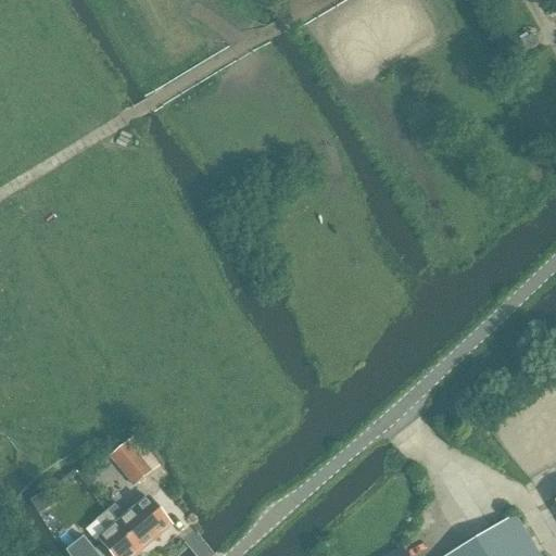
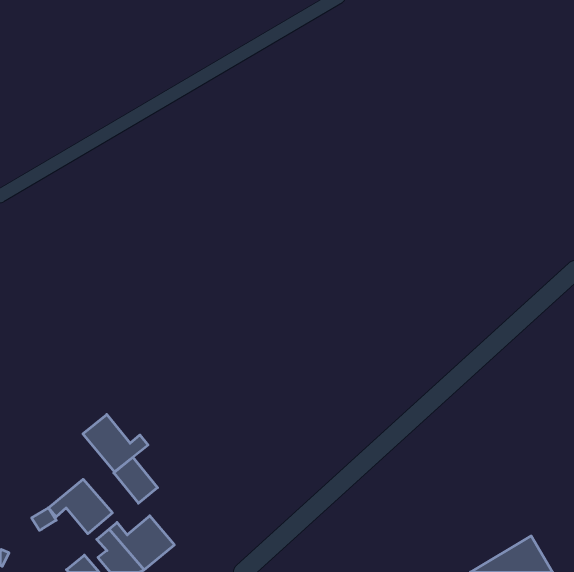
building: none -> [83,414,148,472]
building: none -> [48,479,112,534]

